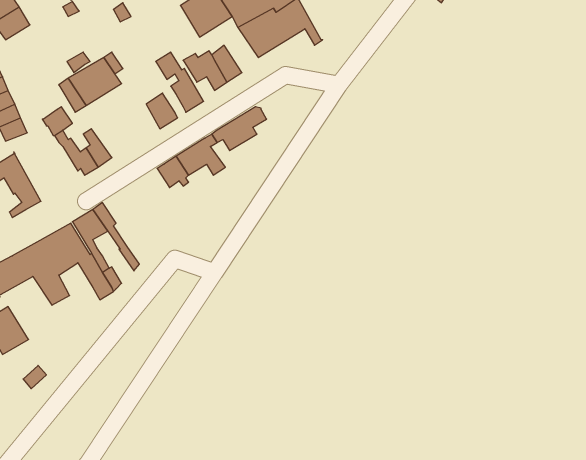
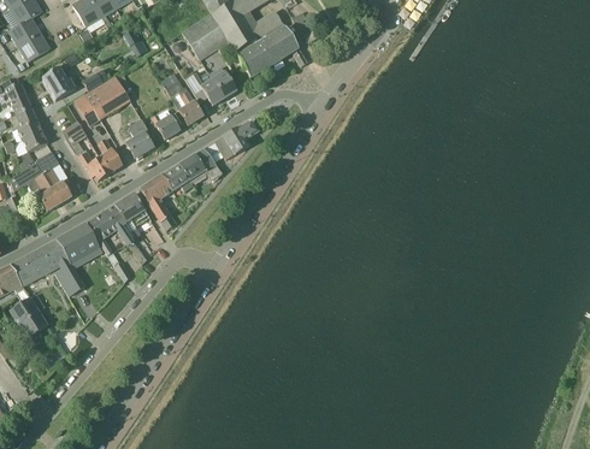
building: none -> [41,65,75,99]
building: none -> [125,117,153,156]
building: none -> [35,149,71,202]
building: none -> [138,172,176,229]
building: none -> [113,191,149,225]

